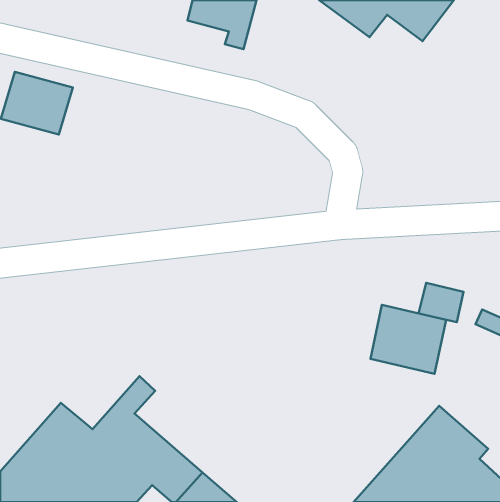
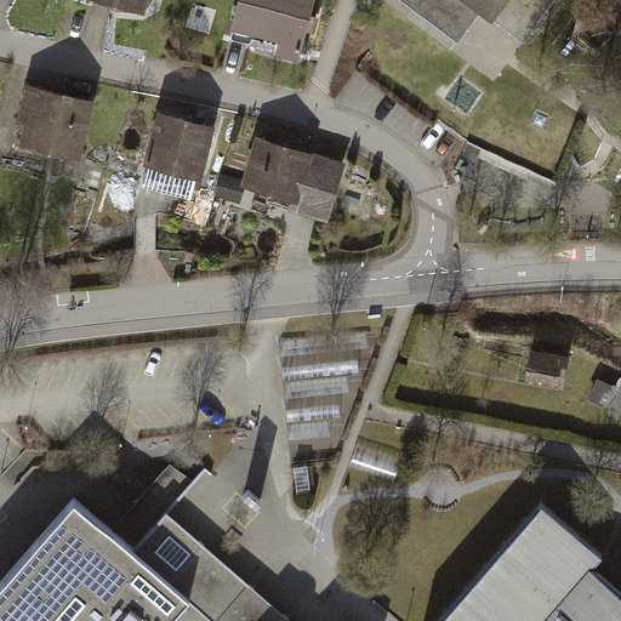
building: none -> [141,116,213,183]
building: none -> [216,138,342,221]
building: [371,305,446,374] -> none

